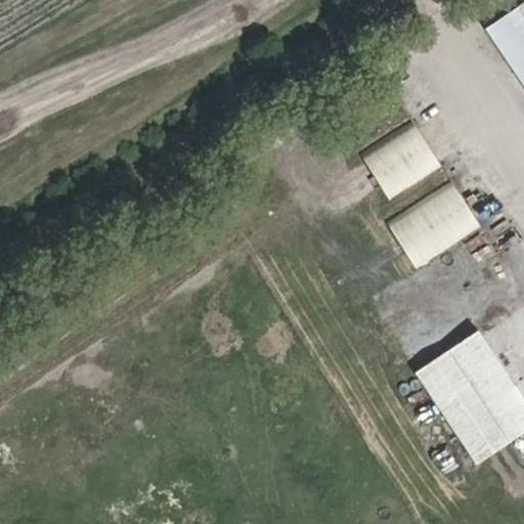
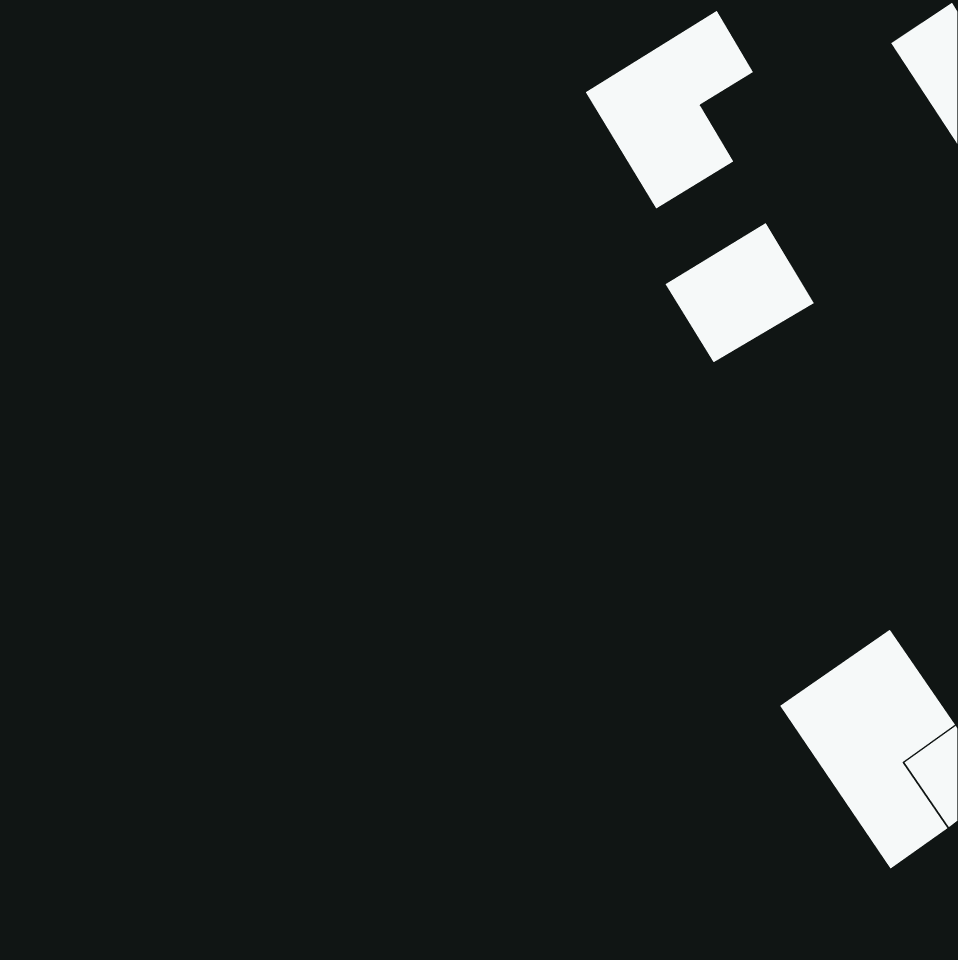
building: none -> [585,10,754,210]
building: [388,180,482,267] -> none

